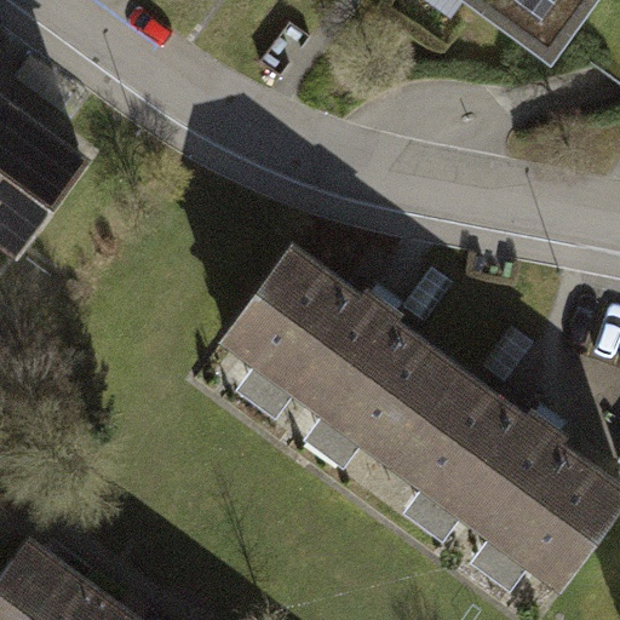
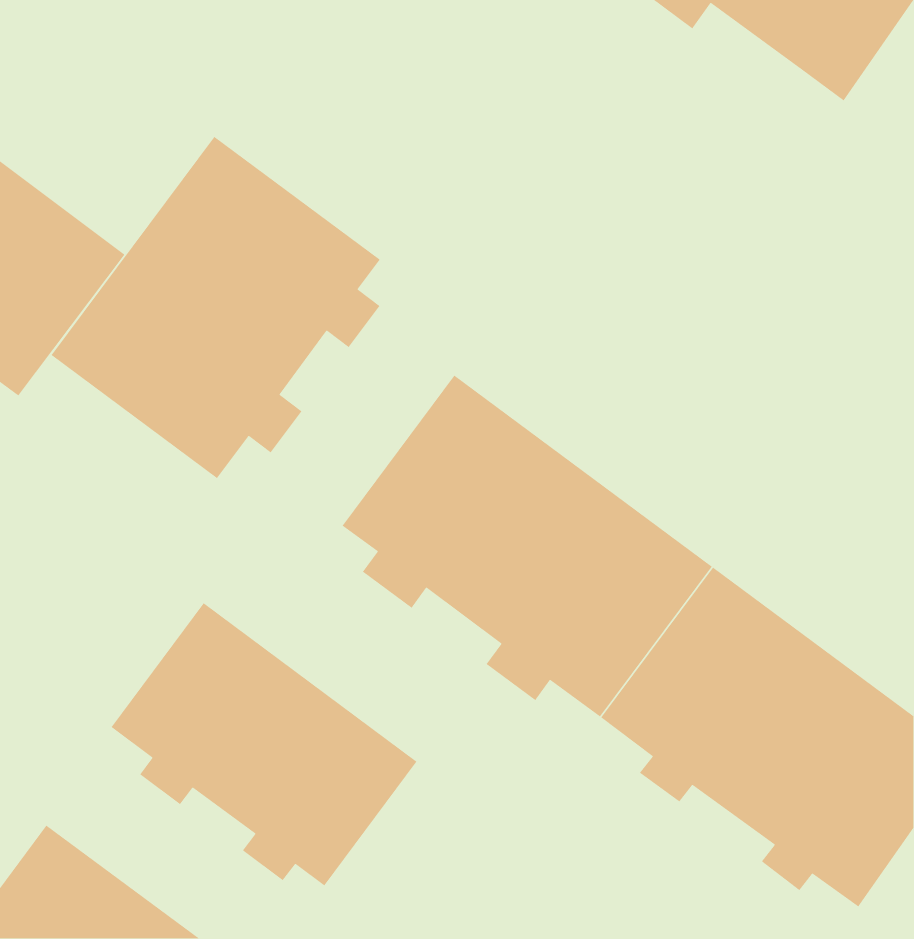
building: none -> [50,136,381,479]
building: none -> [110,602,417,886]

